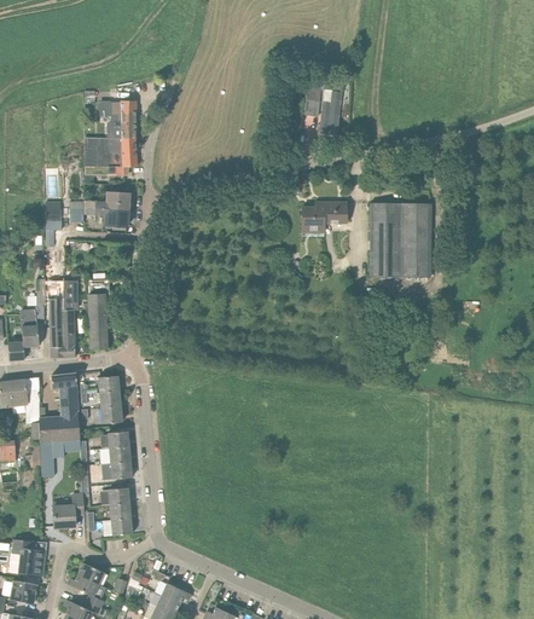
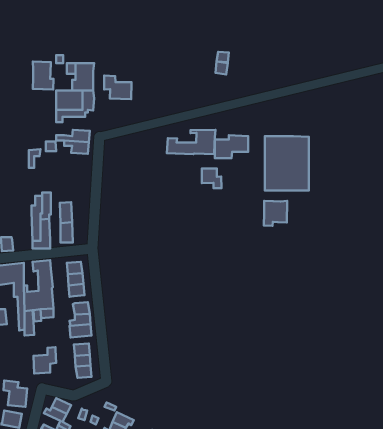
building: [318,92,341,134] -> none
building: none -> [33,61,54,90]
building: none -> [104,76,131,99]
building: none -> [167,130,215,154]
building: none -> [202,169,221,188]
building: none -> [264,201,287,226]
building: [19,308,39,345] -> none

